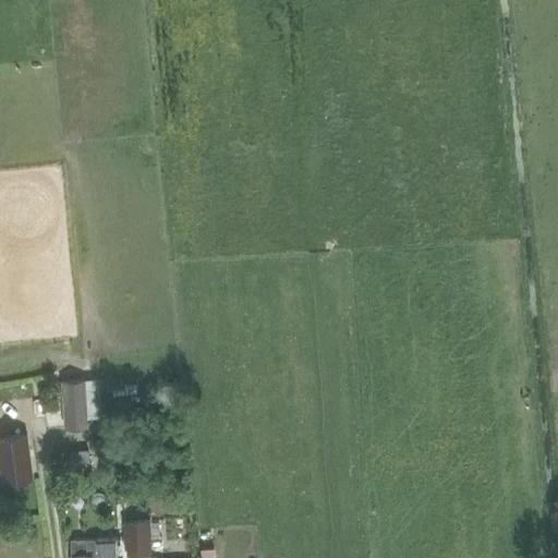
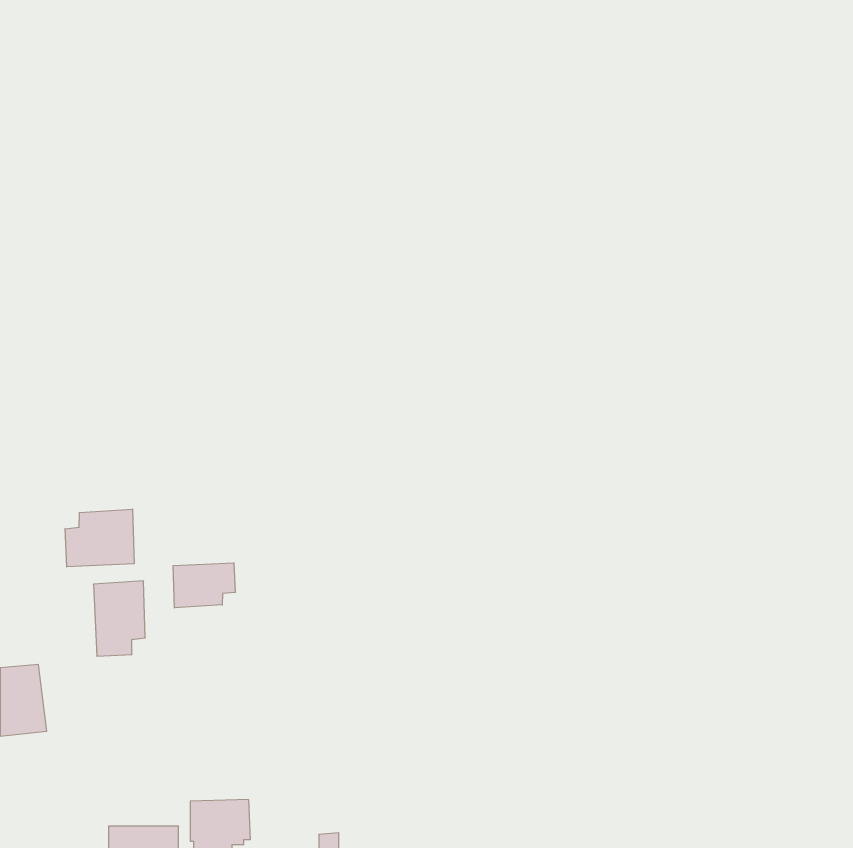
building: none -> [65,509,134,567]
building: none -> [173,563,235,608]

